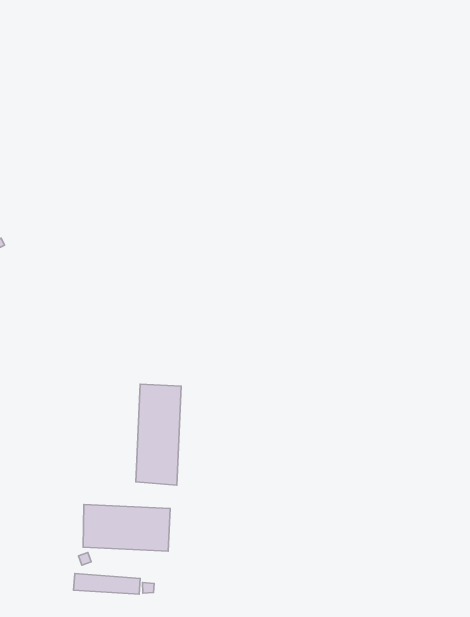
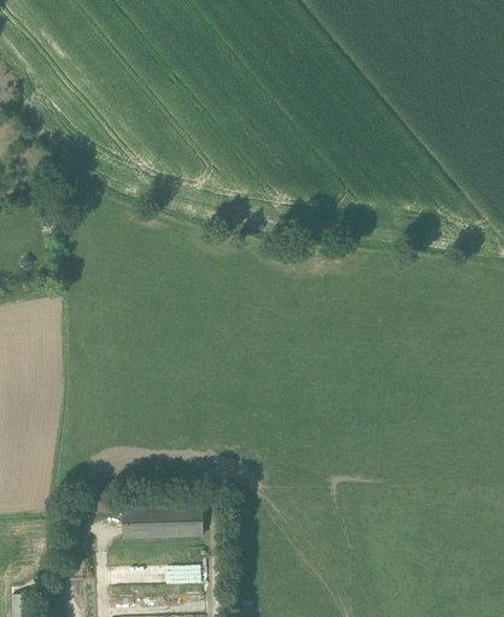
building: [136,384,181,485] -> none

